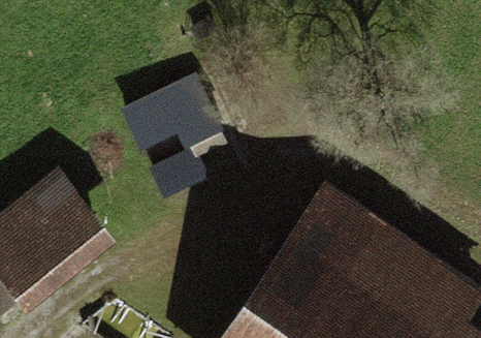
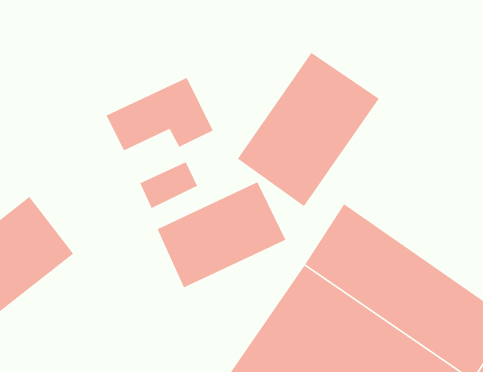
building: none -> [237,52,380,207]
building: none -> [156,181,286,288]

